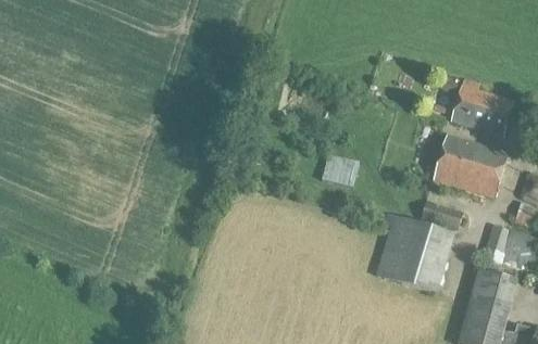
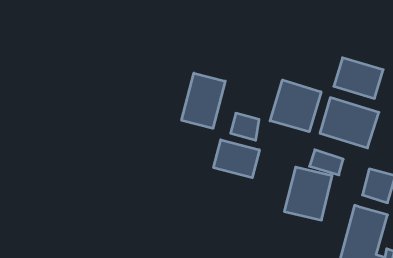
building: none -> [182,73,225,128]
building: none -> [270,80,321,132]
building: none -> [214,140,259,178]

